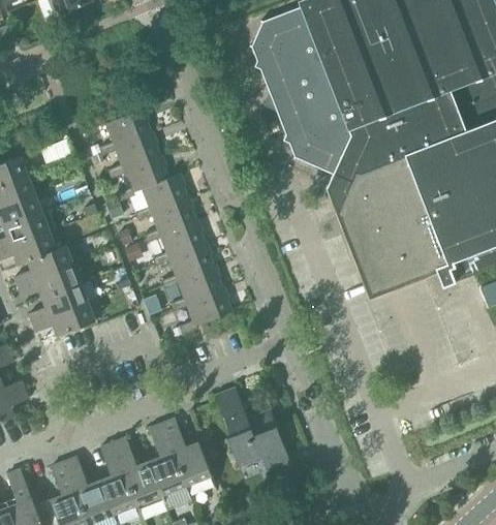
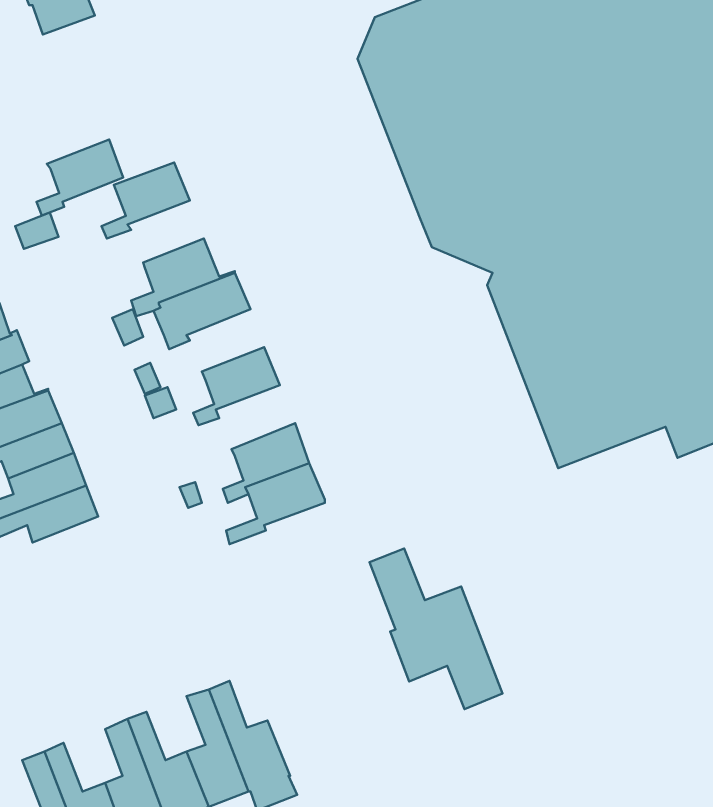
building: [107,131,159,177] -> [37,140,123,216]
building: [144,196,195,243] -> none
building: [161,242,214,289] -> none
building: [215,387,295,483] -> [369,548,503,709]

